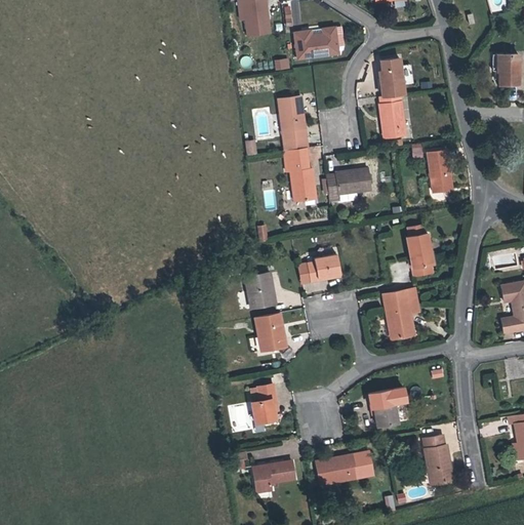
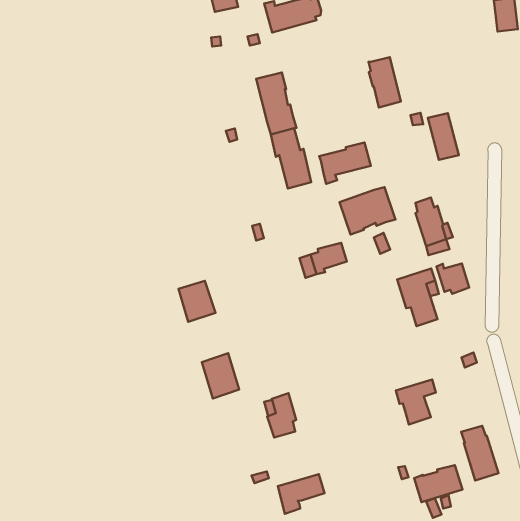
building: [379,58,404,96] -> none
building: none -> [339,187,396,235]
building: [245,273,276,308] -> [178,281,216,322]
building: none -> [436,263,469,294]
building: [255,313,286,352] -> [202,353,239,399]
building: [316,454,358,484] -> [414,465,462,502]

